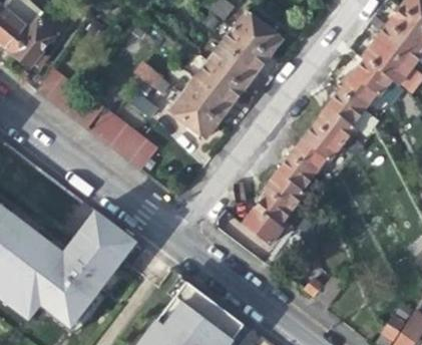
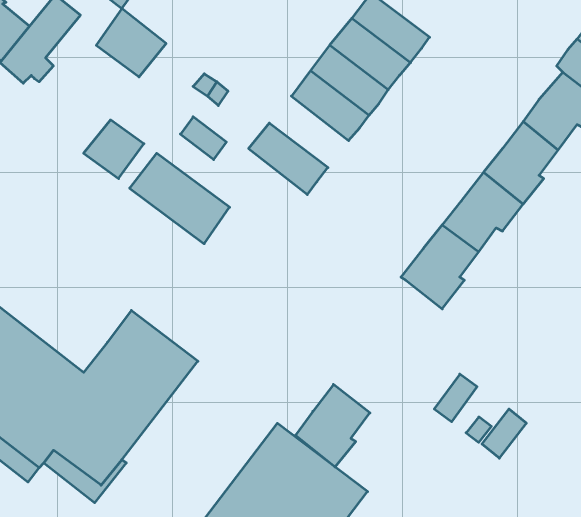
building: [37,69,81,112] -> [96,9,166,77]
building: [181,76,232,121] -> none
building: [244,193,291,245] -> [295,384,370,467]

